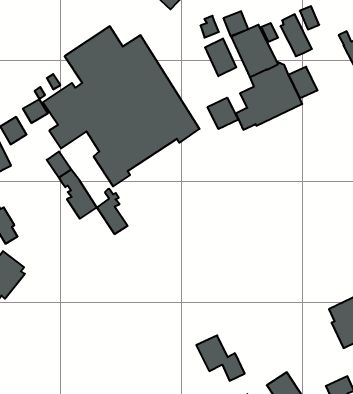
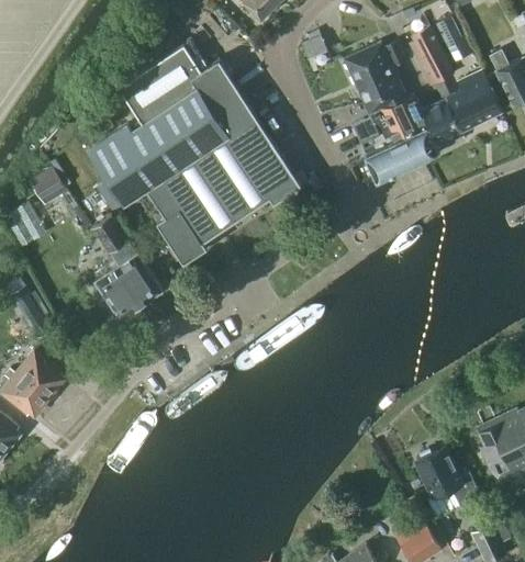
building: [224,11,248,36] -> none
building: [205,38,236,76] -> none
building: none -> [432,72,502,133]
building: [208,98,238,129] -> none
building: [23,99,48,123] -> none
building: [97,189,128,234] -> [97,257,138,318]
building: [196,335,245,381] -> [416,449,482,510]

